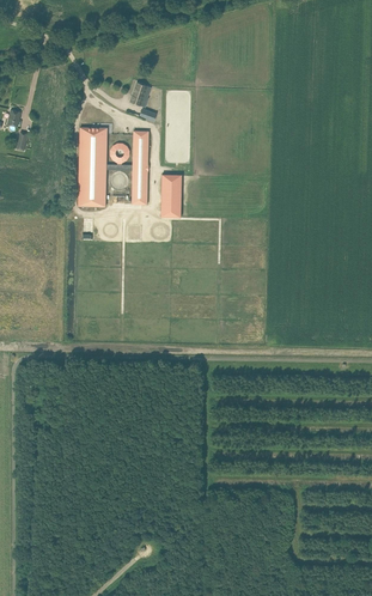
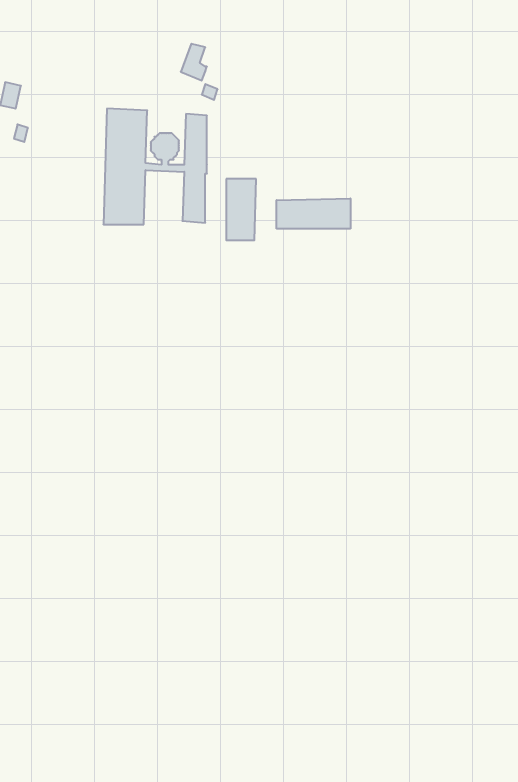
building: none -> [277,198,350,229]

